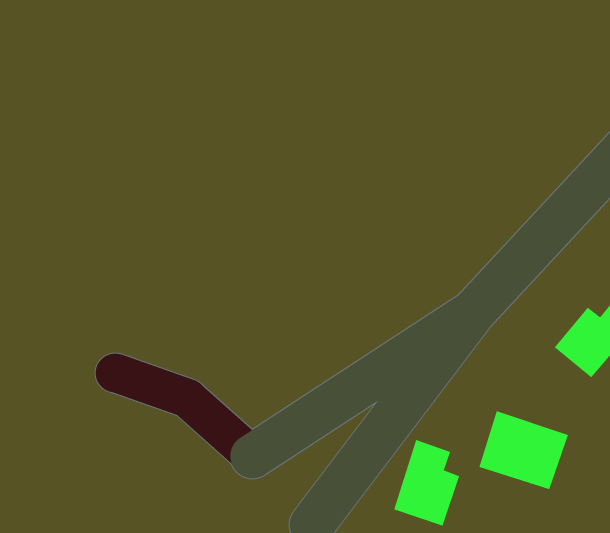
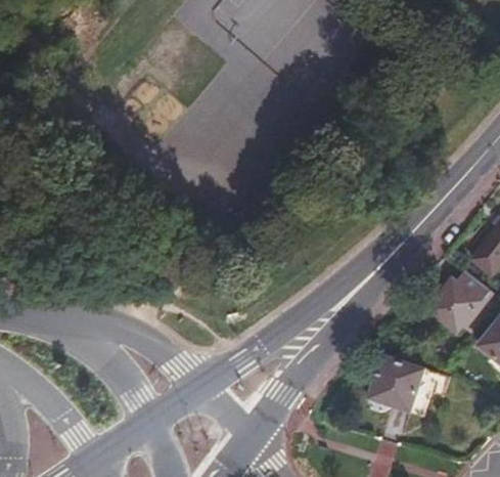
building: [393,439,460,527] -> none

